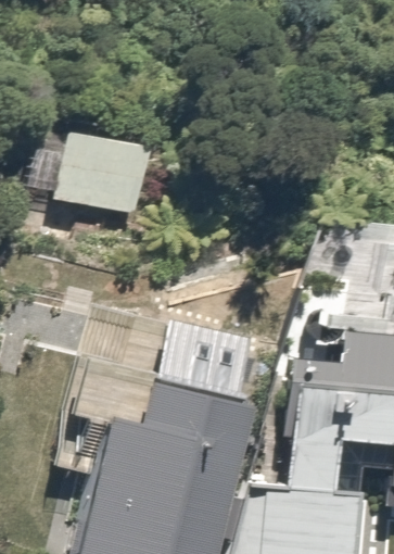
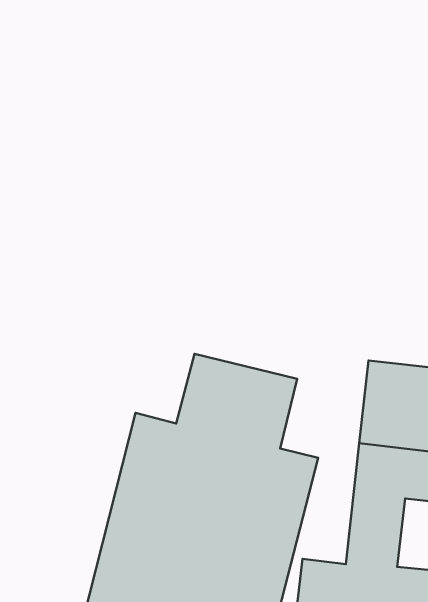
building: [39,129,164,221] -> none

